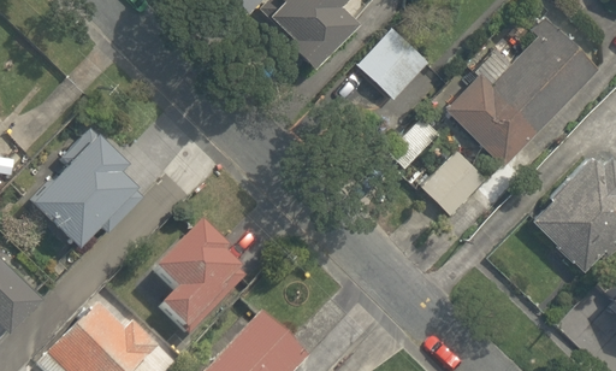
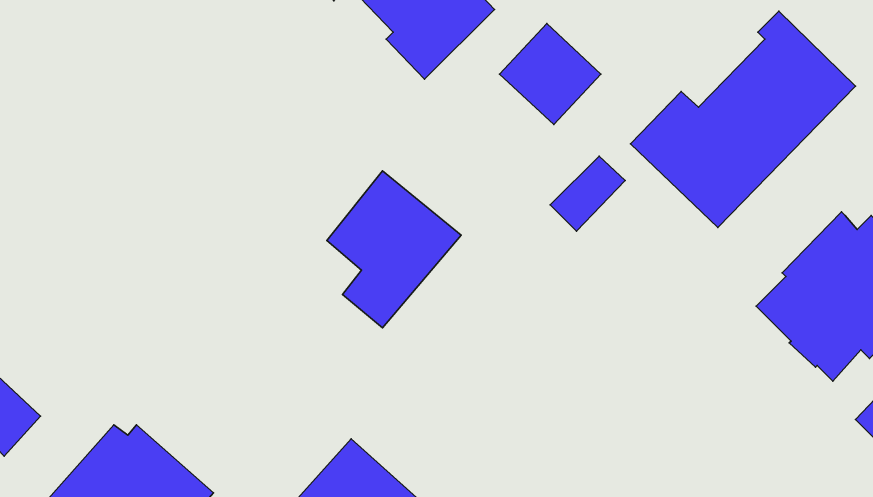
building: [25,125,147,242] -> none
building: [425,149,491,216] -> none
building: [142,219,235,328] -> [327,171,461,328]

